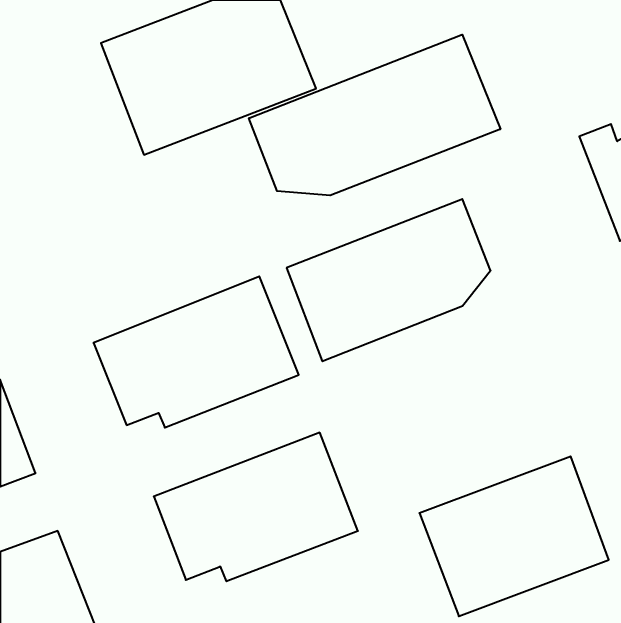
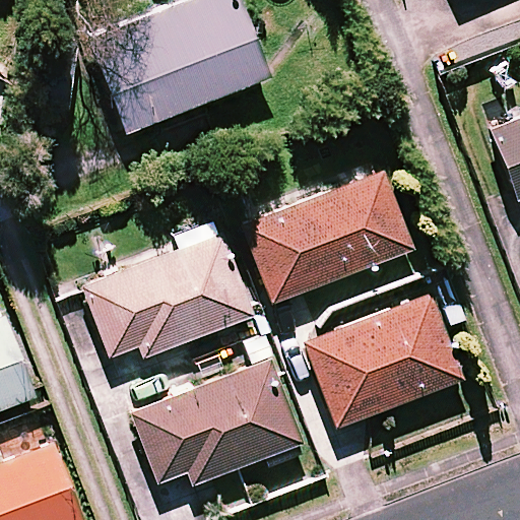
building: [249,35,500,195] -> none
building: [419,456,609,616] -> [304,295,460,427]

